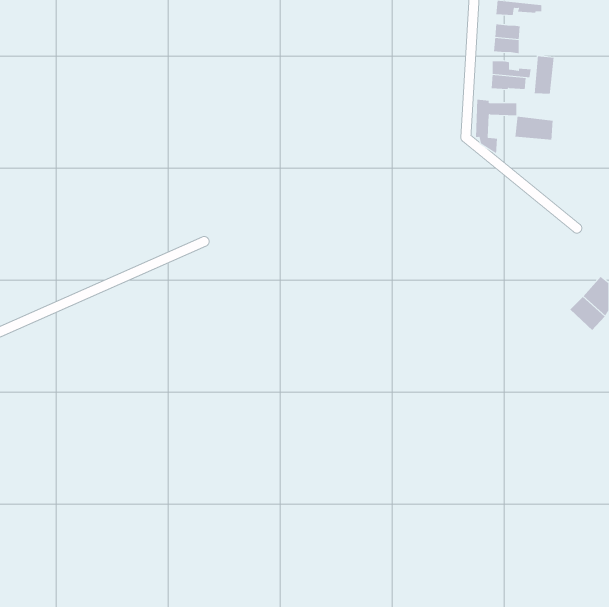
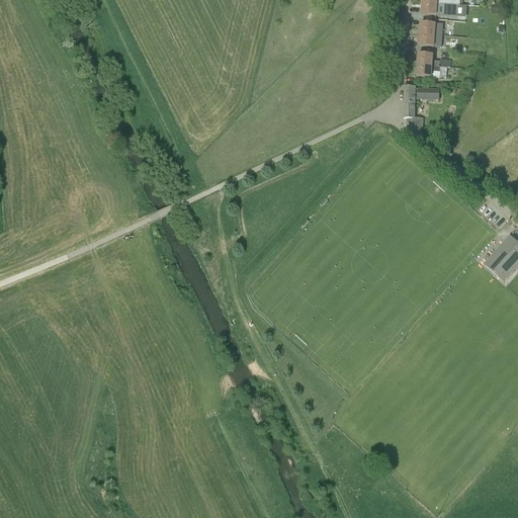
building: [534,55,554,94] -> none
building: [515,116,553,141] -> none

